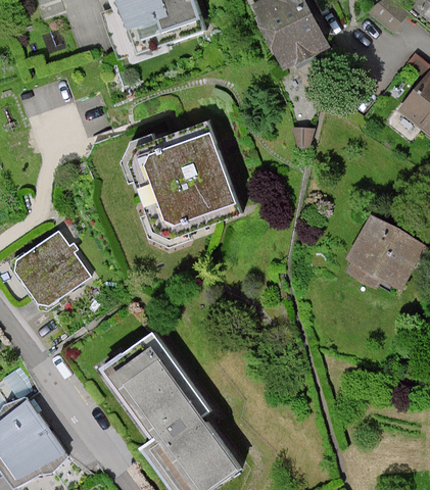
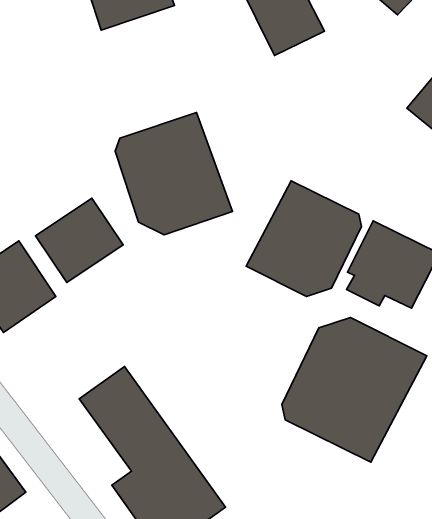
building: none -> [246,181,362,296]
building: none -> [35,198,123,283]
building: none -> [282,318,427,462]

